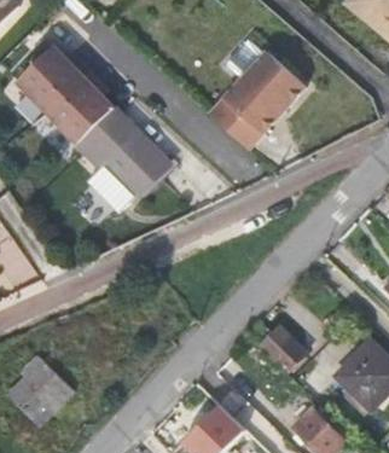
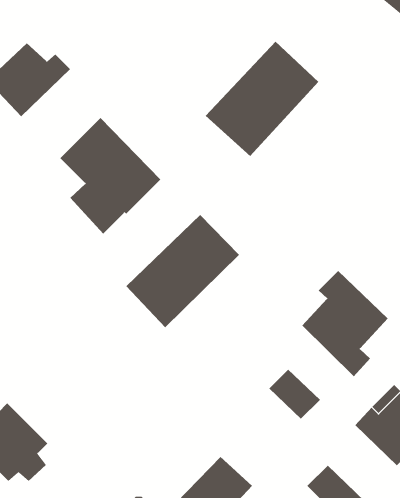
building: [50,72,117,149] -> none
building: none -> [126,214,240,328]
building: none -> [302,270,389,377]

